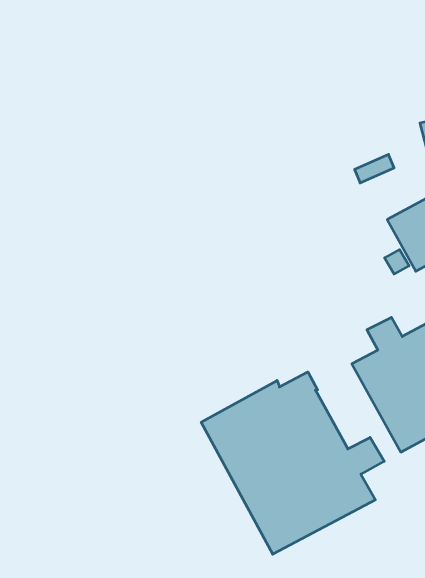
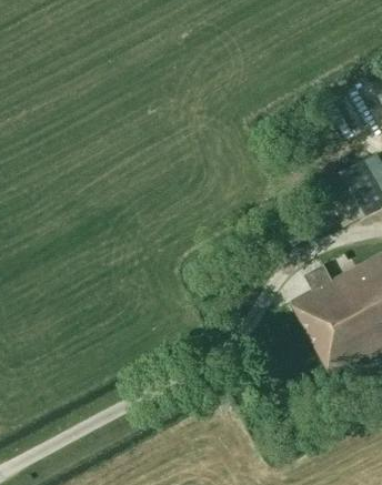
building: [201,372,384,554] -> none

